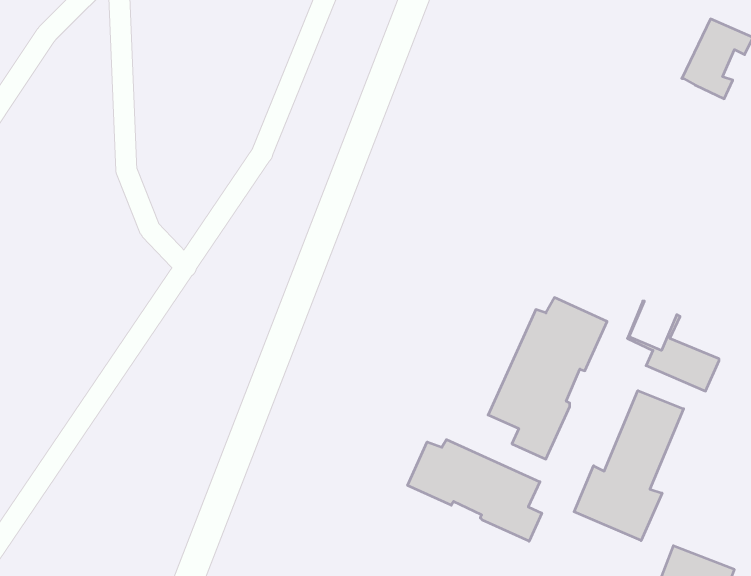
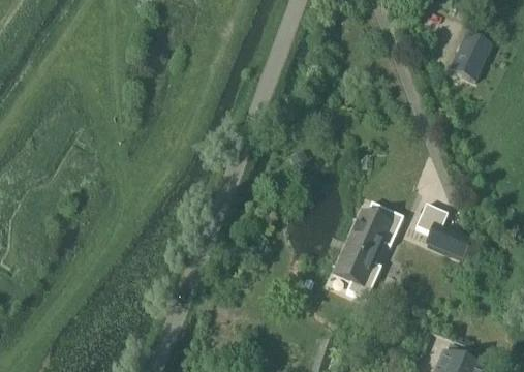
building: [574,391,684,541] -> none
building: [408,440,542,541] -> none

